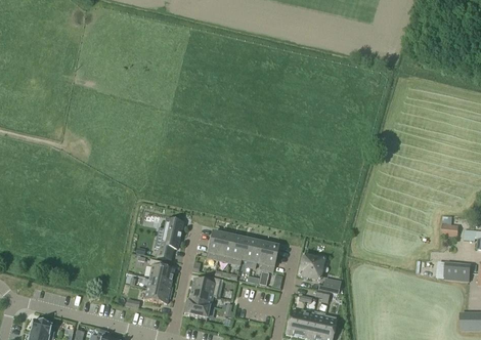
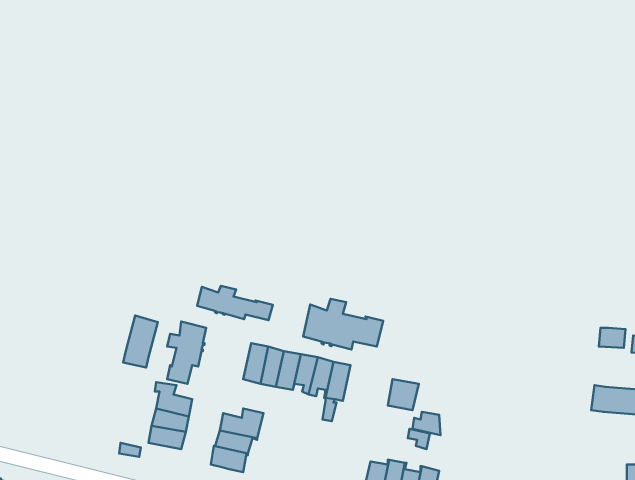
building: none -> [197,286,273,320]
building: none -> [303,299,383,350]
building: none -> [123,316,158,368]

